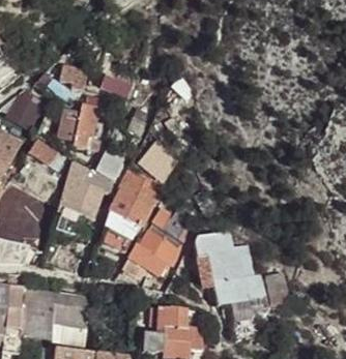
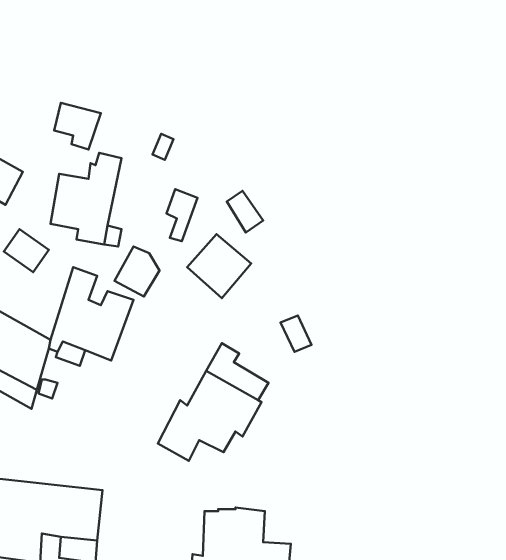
building: [105,170,164,241] -> none
building: [195,230,267,306] -> none

